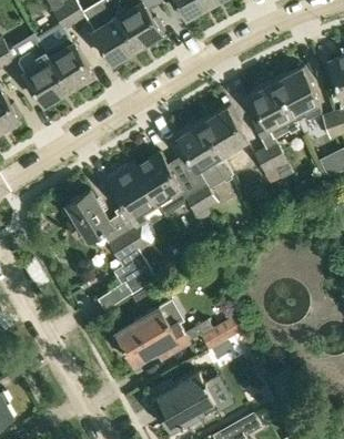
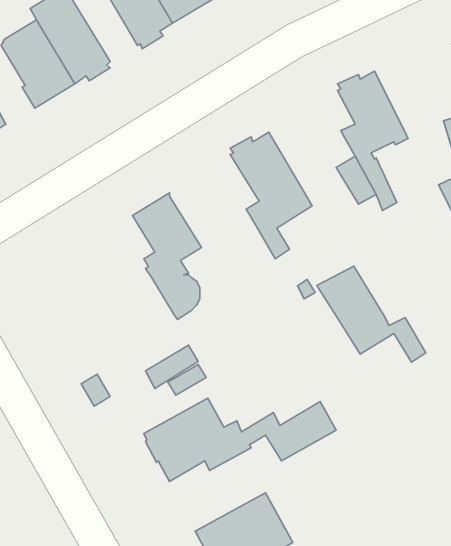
building: [274,67,321,121] -> none
building: [201,106,244,161] -> none
building: [132,154,208,221] -> [317,266,426,362]
building: [64,191,135,261] -> none

